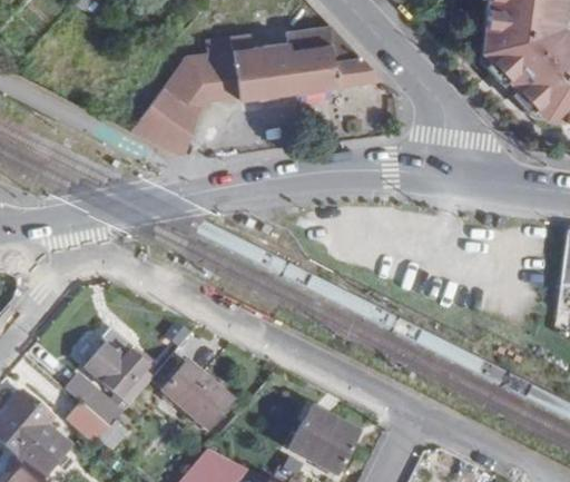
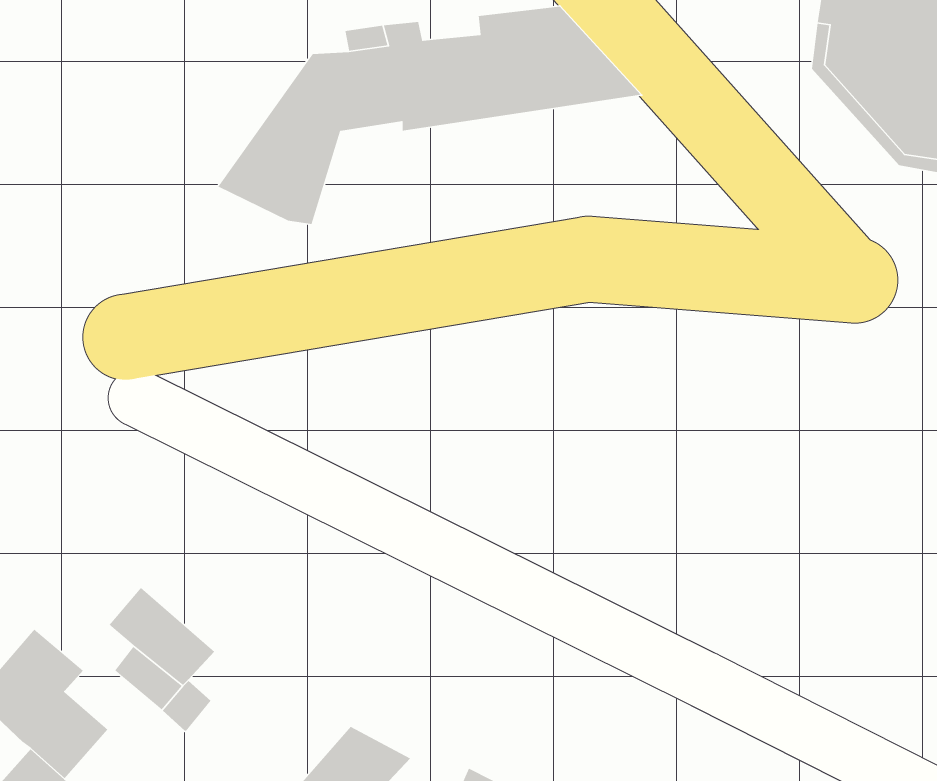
building: [87,326,154,403] -> none
building: [163,360,230,425] -> none
building: [288,406,361,474] -> none

